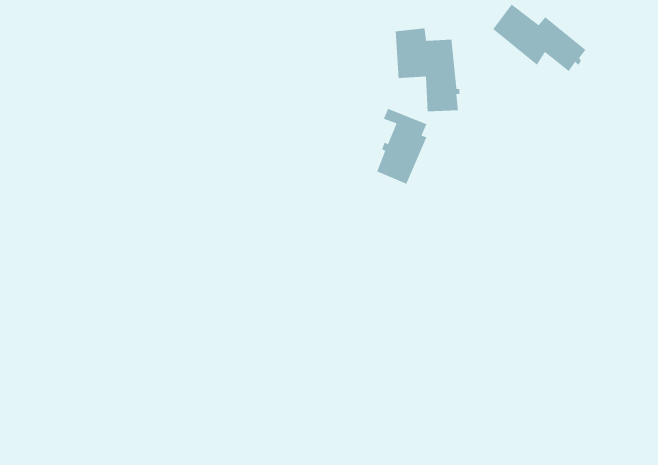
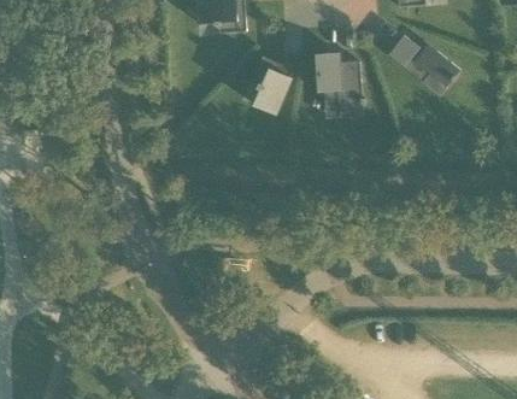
building: [376,108,427,185] -> [252,55,290,113]

